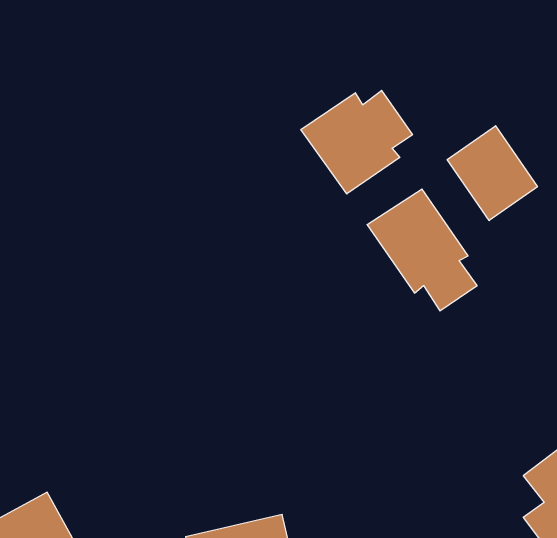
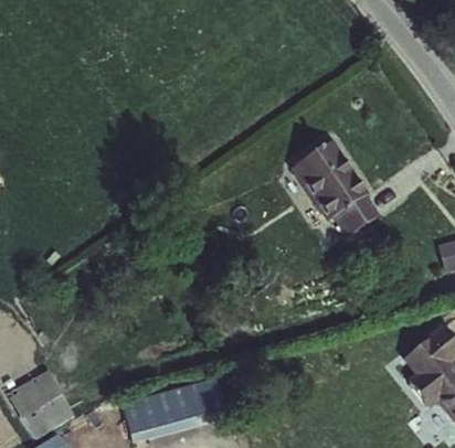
building: [301,90,412,194] -> none
building: [447,126,537,221] -> none

